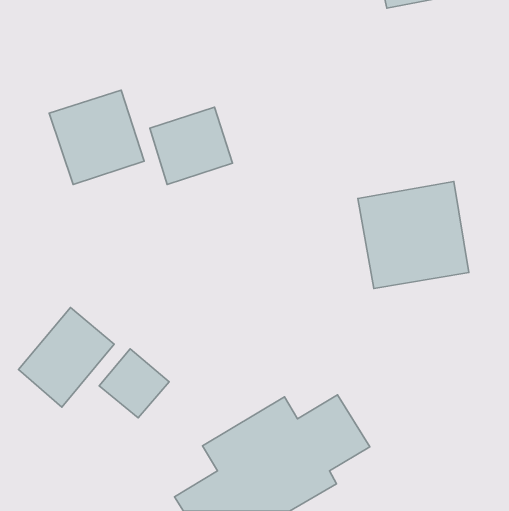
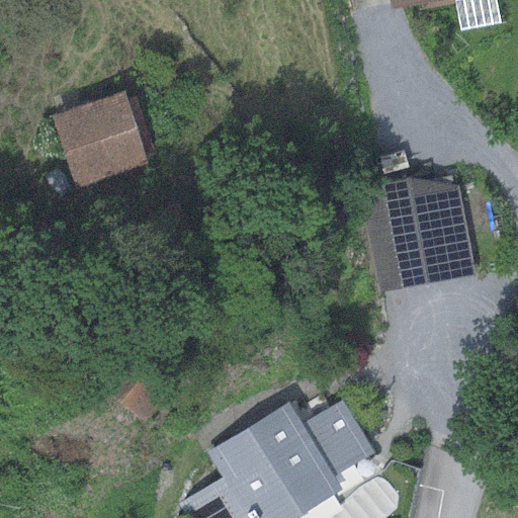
building: [150,107,233,184] -> none
building: [18,307,114,407] -> none

